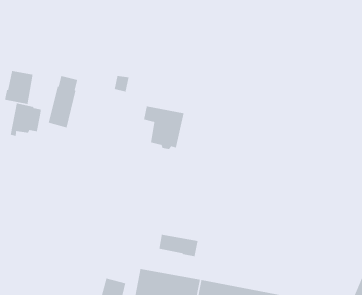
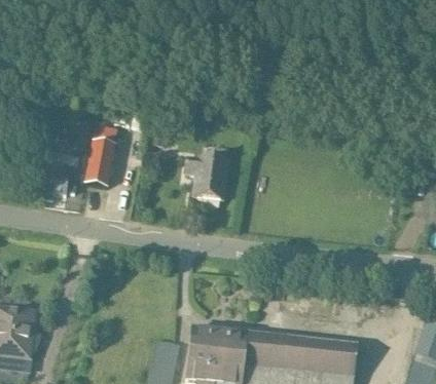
building: [4,70,34,105] -> none
building: [158,234,198,257] -> none

